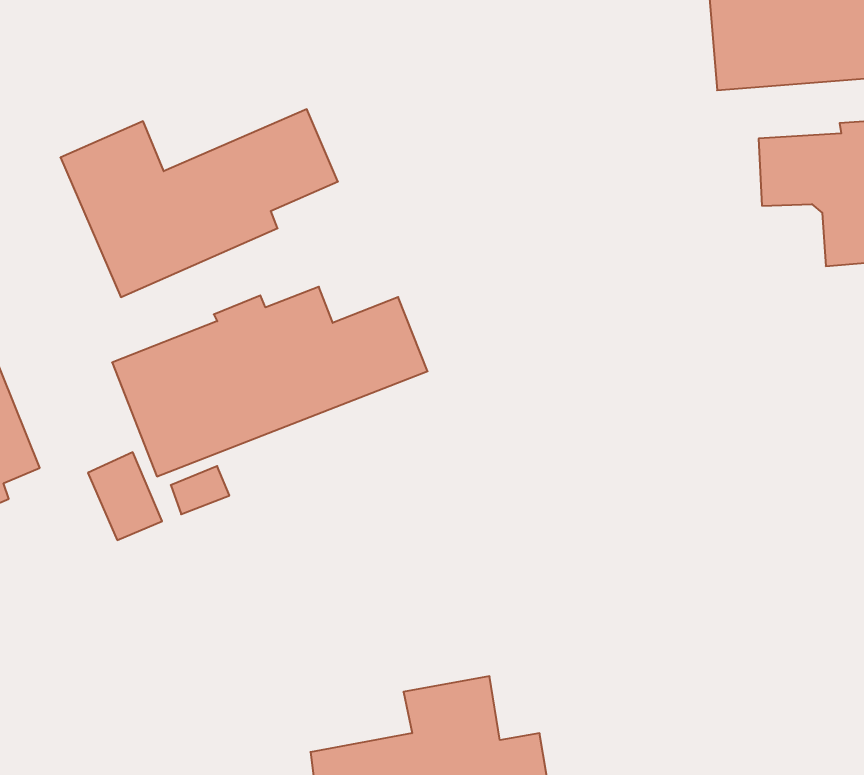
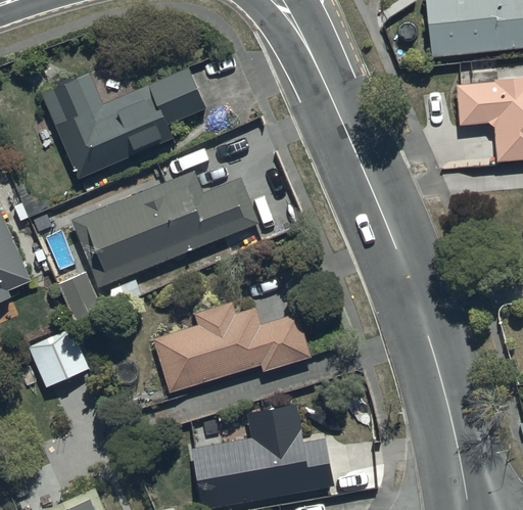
building: none -> [152,303,311,392]
building: none -> [31,332,90,387]

